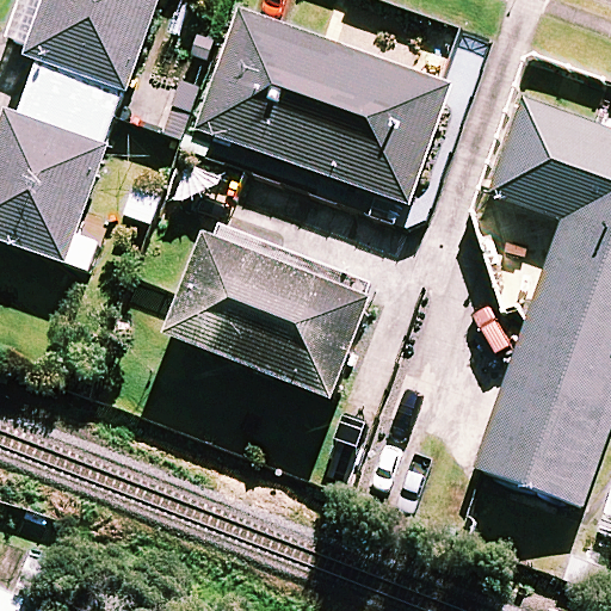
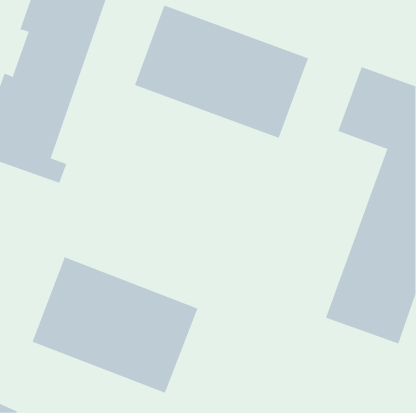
building: [172,236,372,397] -> none
building: none -> [32,257,198,394]

